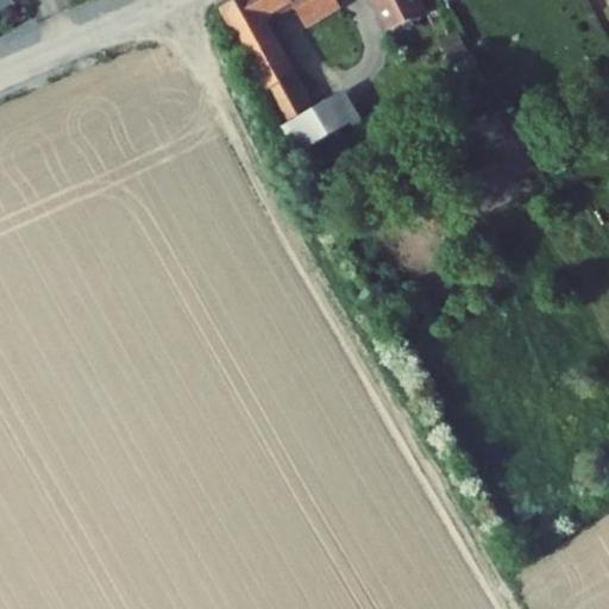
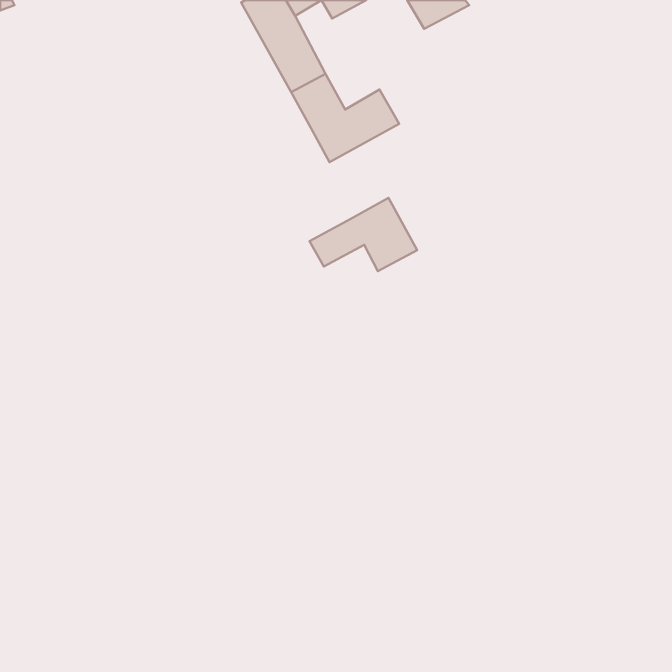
building: none -> [309,198,417,271]

